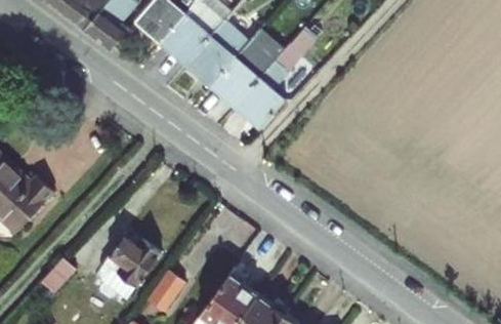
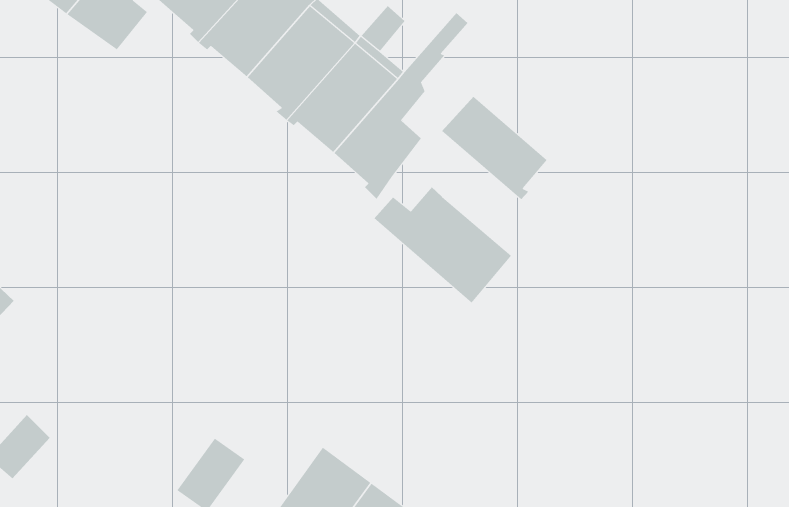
building: none -> [441,96,547,200]
building: none -> [374,187,512,303]
building: [96,230,160,295] -> none

